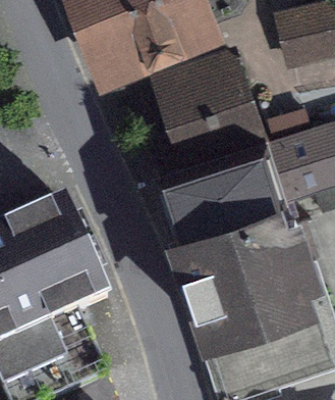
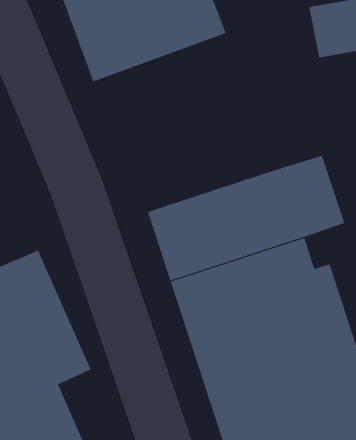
building: [155,50,260,169] -> none

